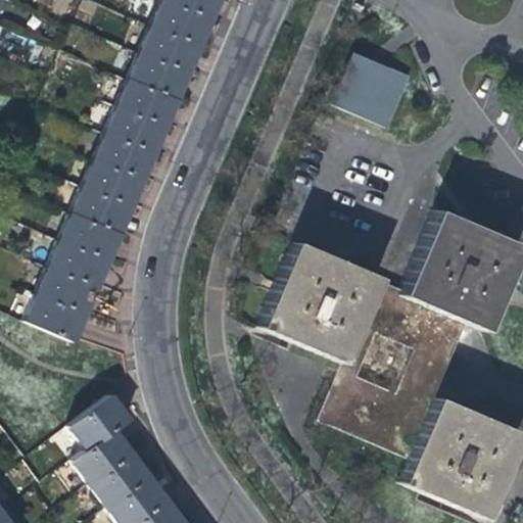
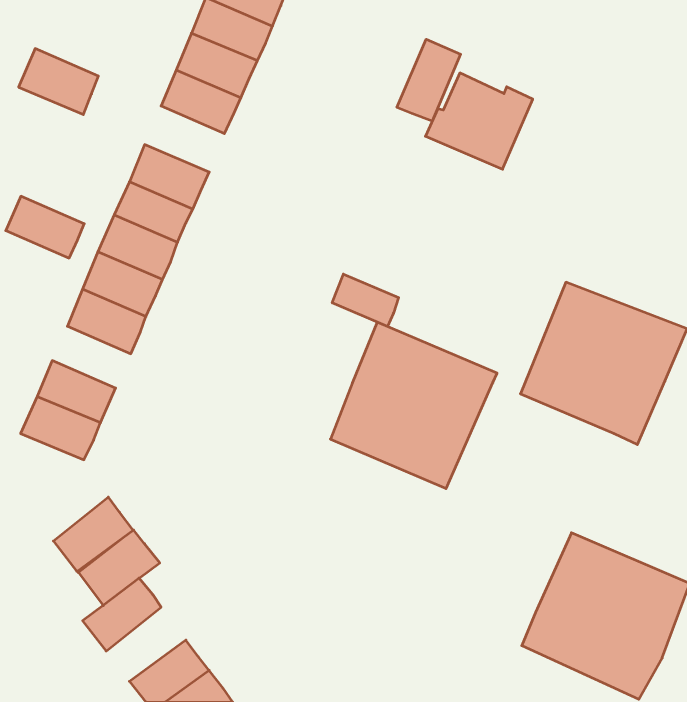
building: none -> [397,39,461,121]
building: [120,79,179,128] -> [19,49,98,115]
building: none -> [332,274,399,326]
building: [51,242,109,288] -> [6,196,84,258]
building: [319,284,468,455] -> none
building: [91,450,150,506] -> [53,497,133,571]

